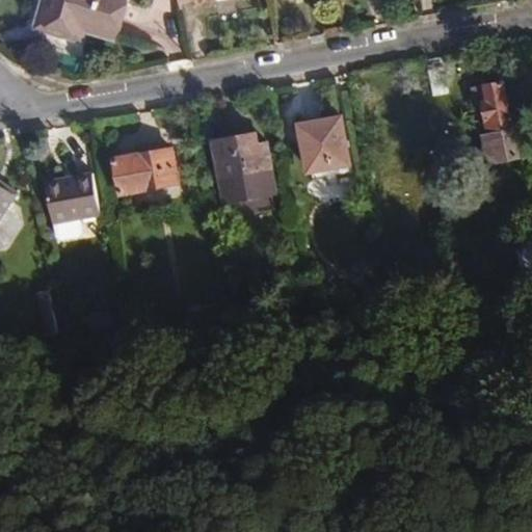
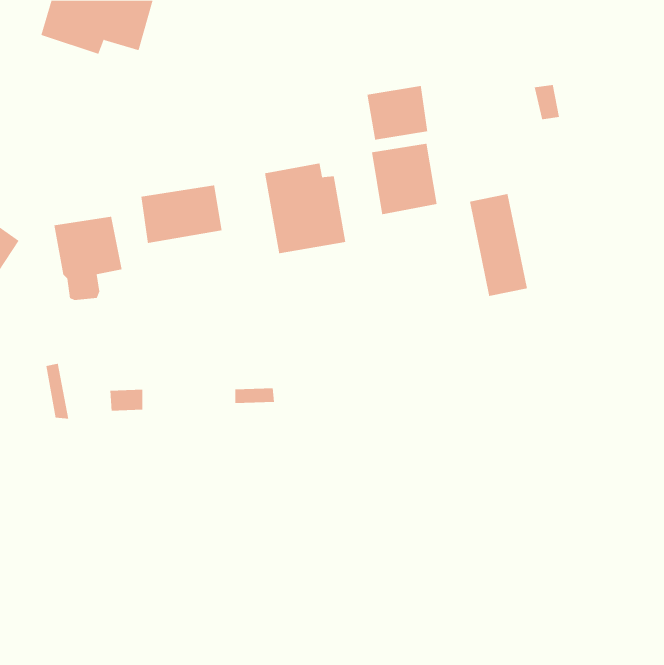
building: none -> [367,85,428,141]
building: [470,80,516,162] -> [469,194,528,296]

